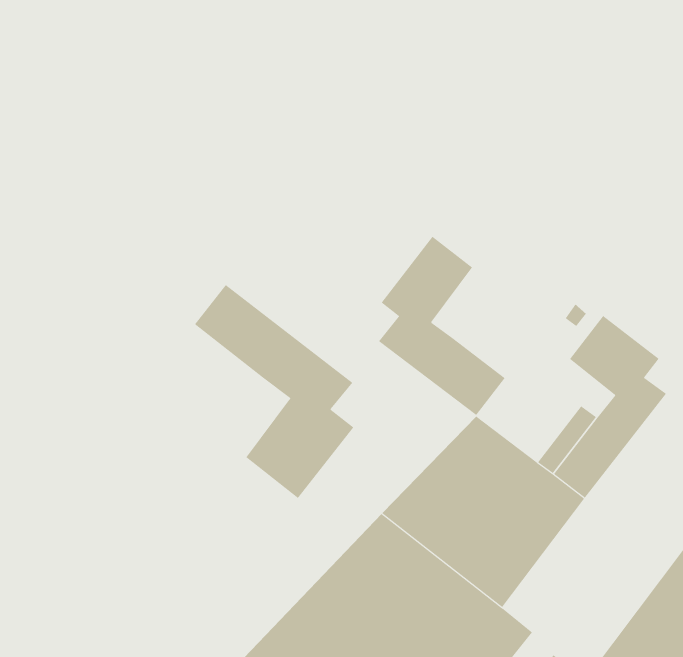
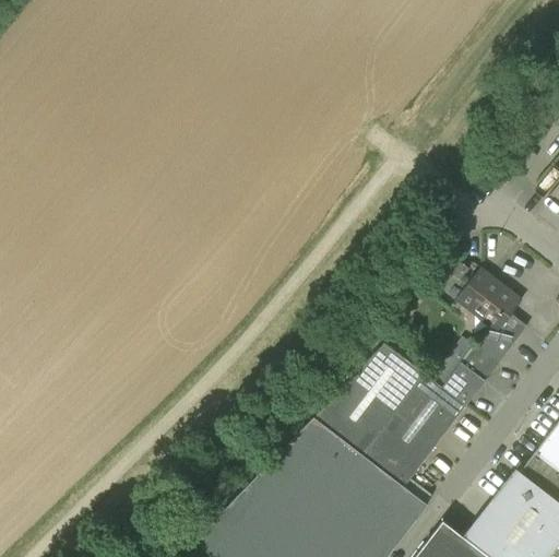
building: [378,236,505,416] -> none
building: [194,284,354,499] -> none

